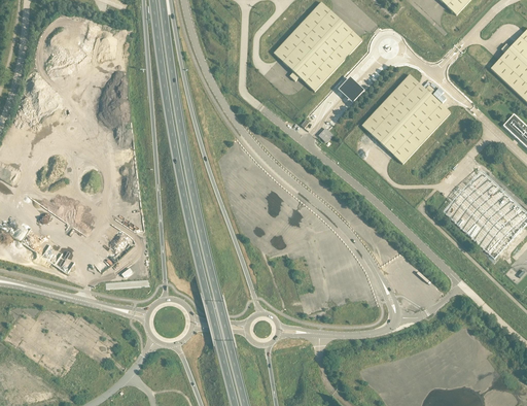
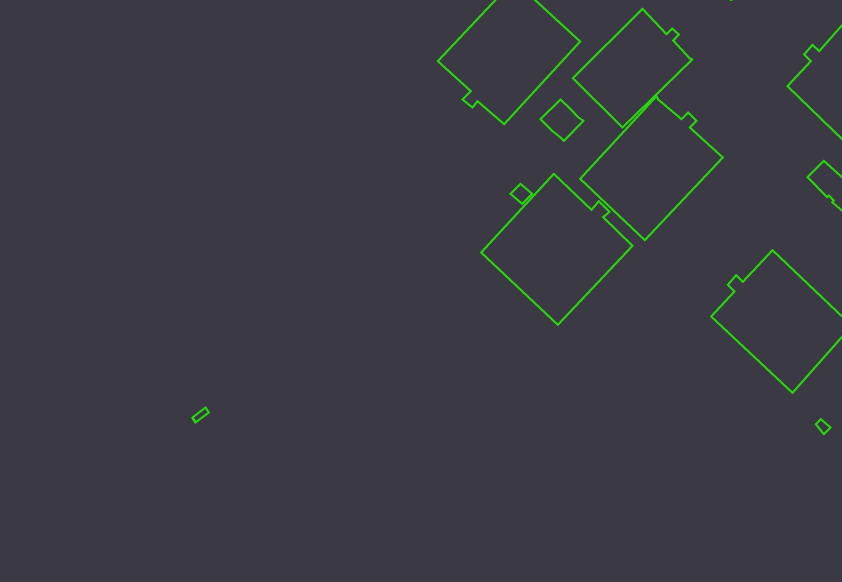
building: none -> [573,9,692,128]
building: none -> [481,174,633,325]

